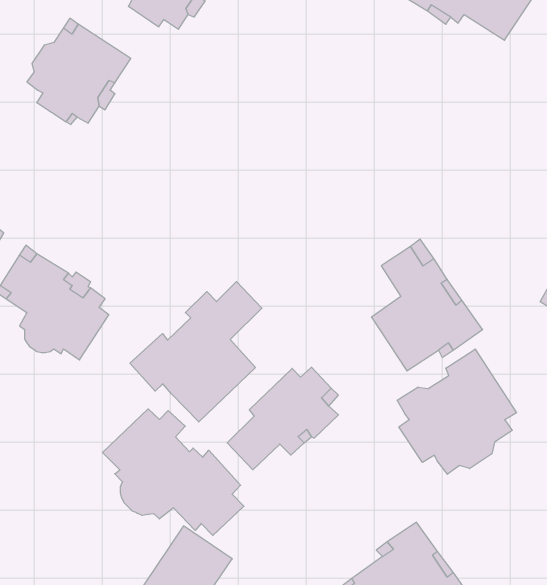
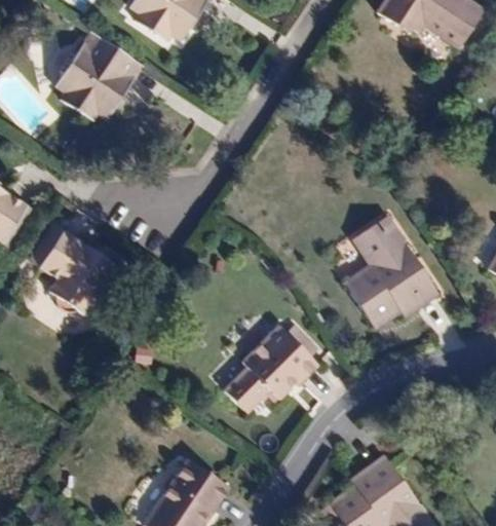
building: [130,282,262,422] -> none
building: [397,349,517,474] -> none
building: [102,409,244,535] -> none

